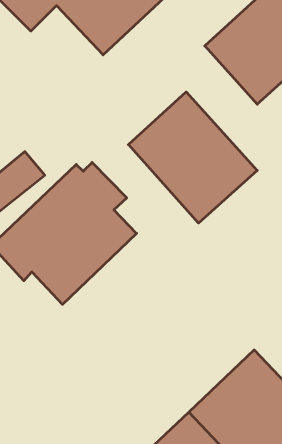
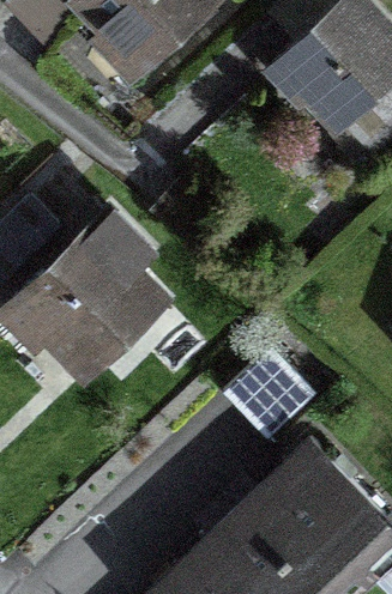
building: [128,92,257,223] -> none

